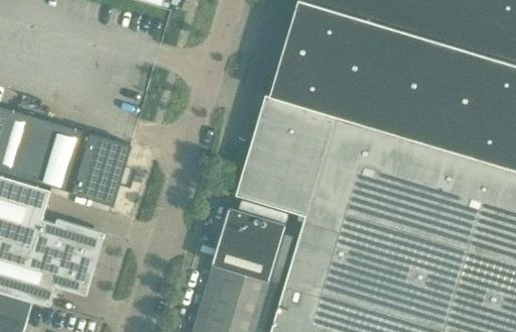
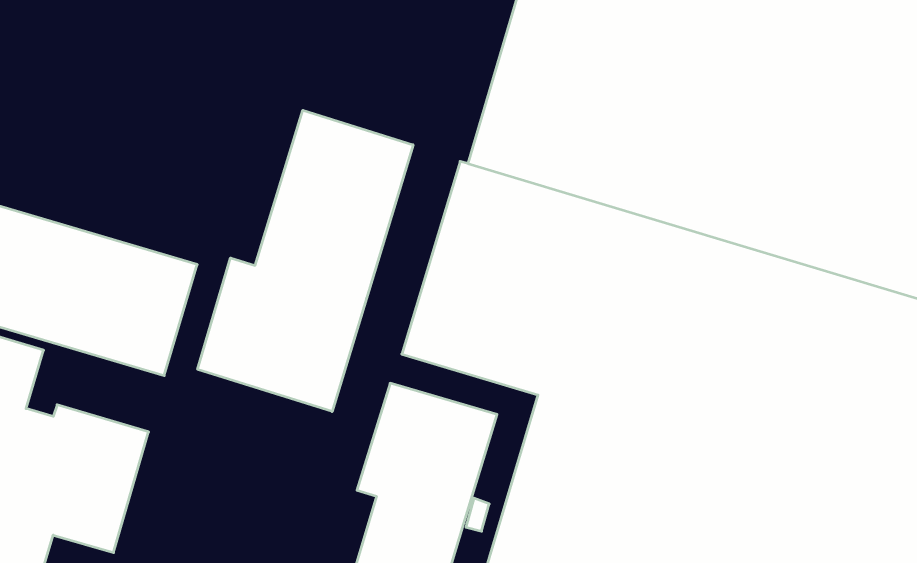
building: none -> [198,110,413,412]

